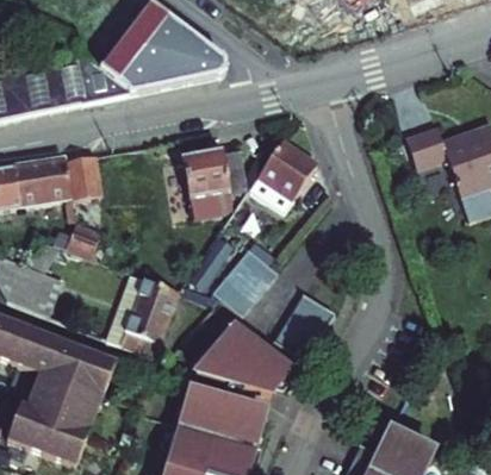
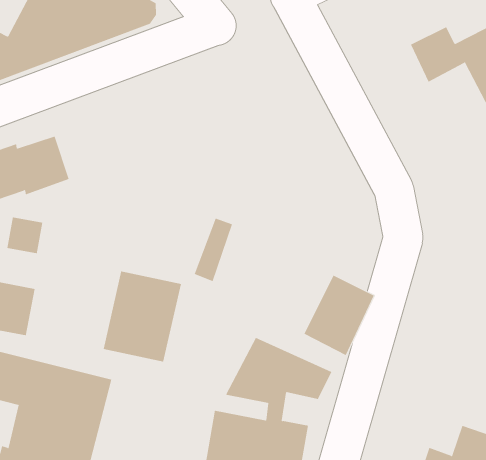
building: [257,140,315,198] -> none
building: [178,158,236,227] -> none
building: [216,257,280,325] -> none

